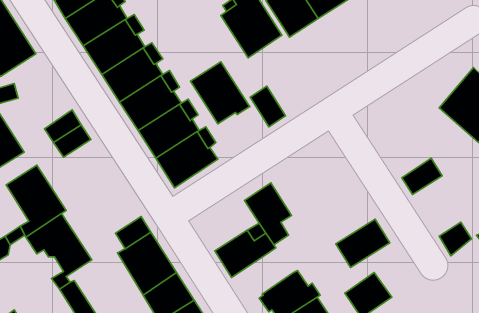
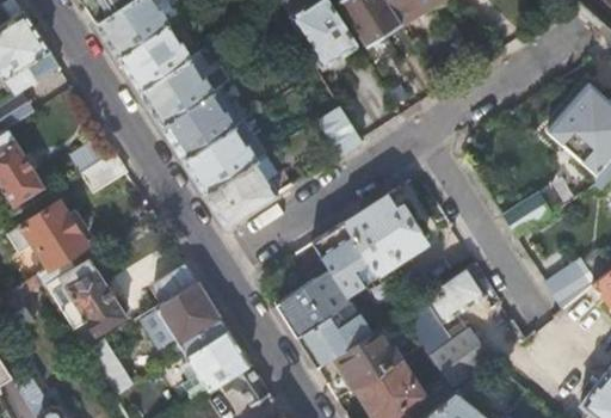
building: [191,62,250,124] -> none
building: none -> [344,195,427,273]
building: none -> [296,311,371,368]

